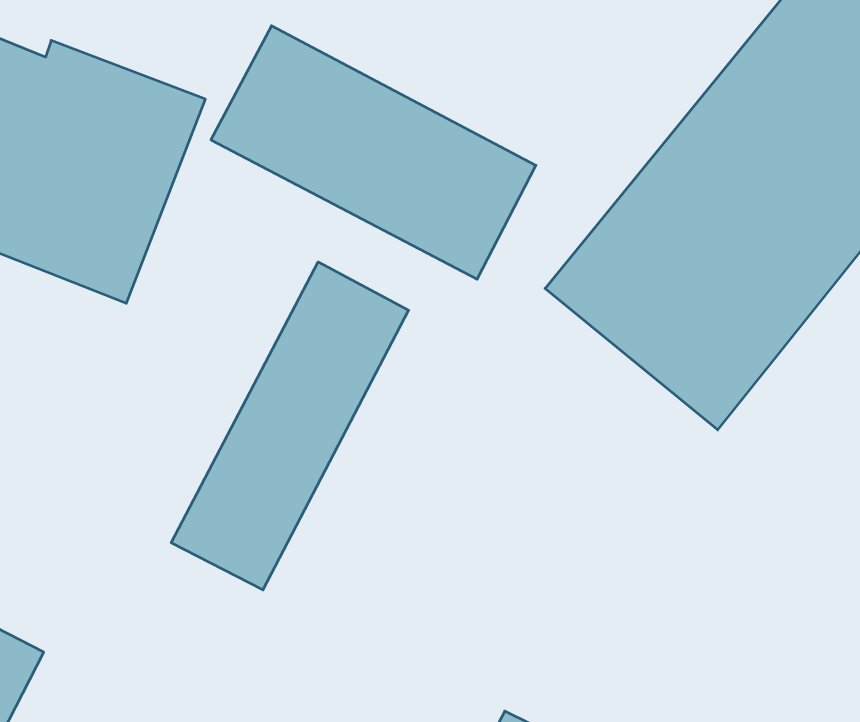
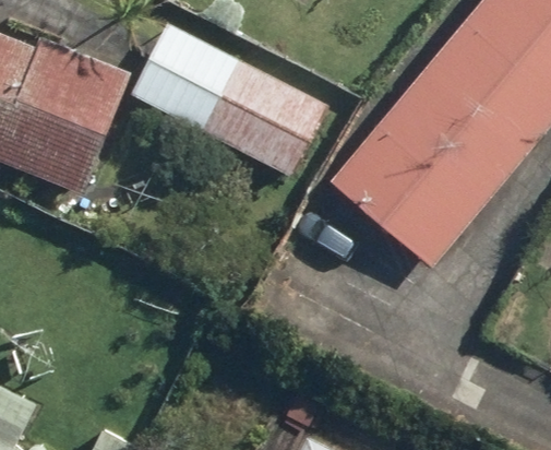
building: [171,262,409,590] -> none

